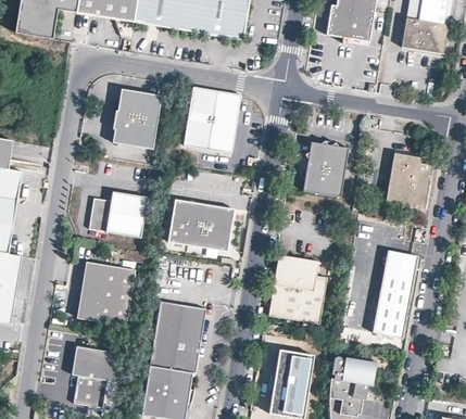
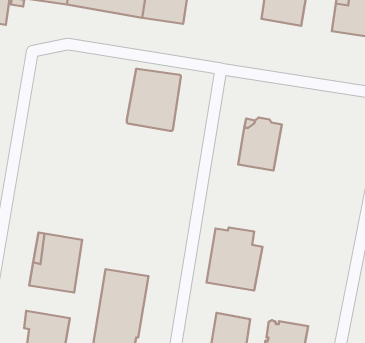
building: [112,89,161,148] -> none
building: [385,152,431,208] -> none
building: [88,191,147,237] -> none
building: [167,199,234,251] -> none
building: [367,249,416,337] -> none

